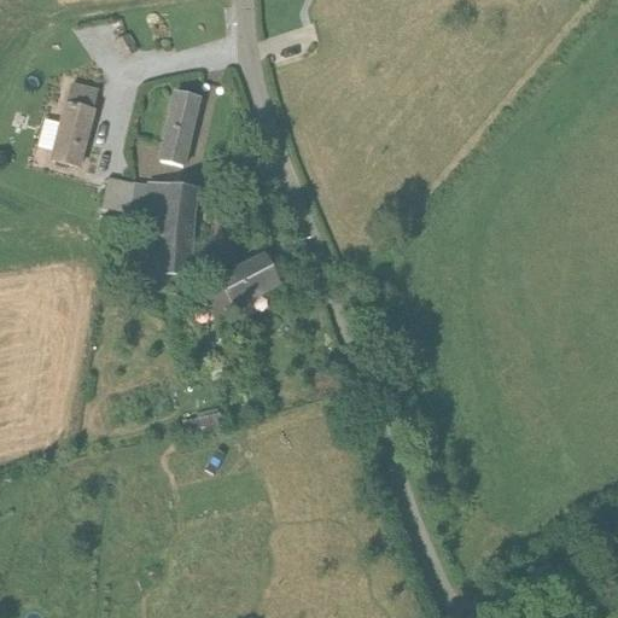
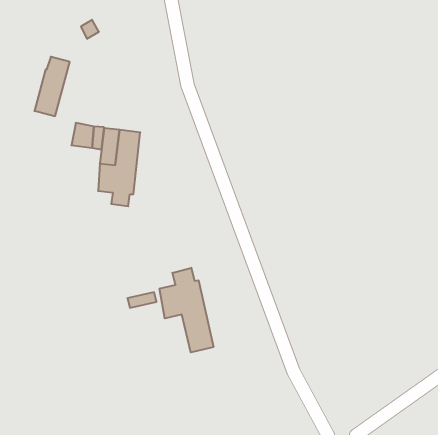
building: [162,89,200,163] -> none
building: [222,256,278,302] -> none
building: none -> [160,268,213,352]

